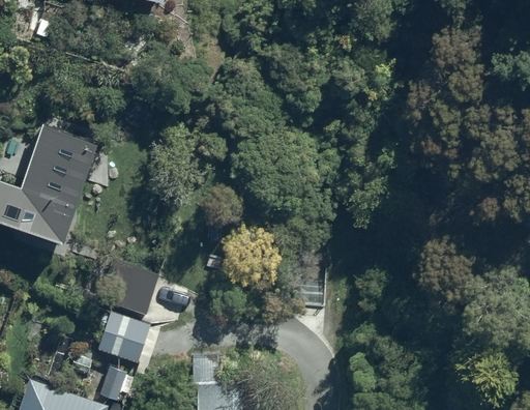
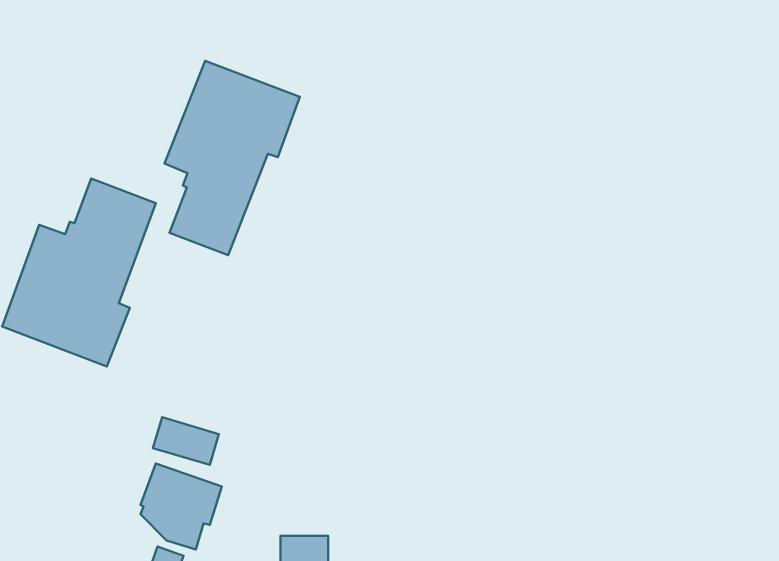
building: none -> [164,61,300,255]

